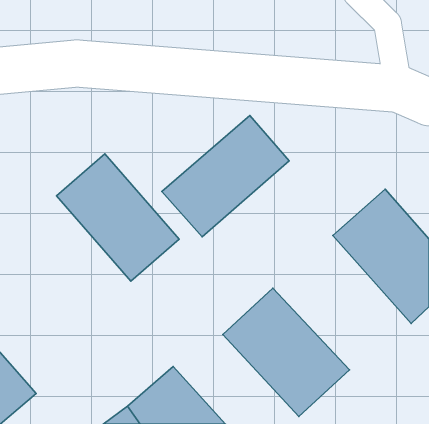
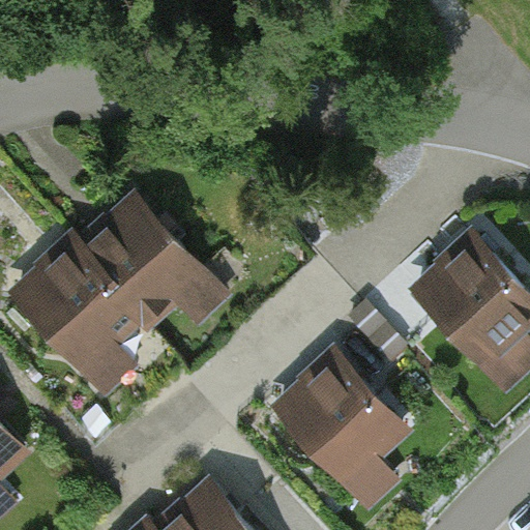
building: [162,116,289,237] -> none
building: none -> [9,240,160,396]

